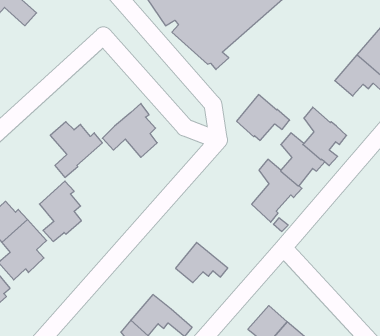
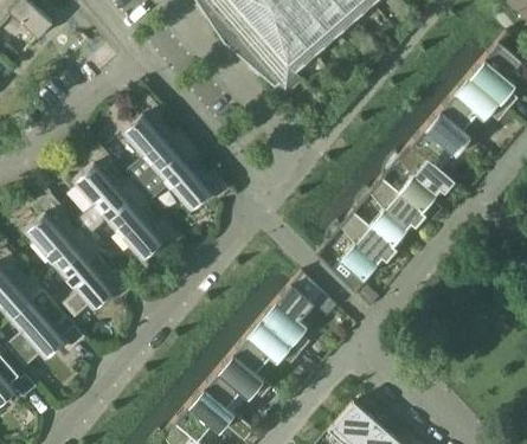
building: none -> [121,112,189,185]
building: [237,95,290,140] -> [412,110,481,169]
building: none -> [107,191,161,259]
building: none -> [24,213,91,270]
building: none -> [262,271,326,353]
building: none -> [205,353,274,412]

